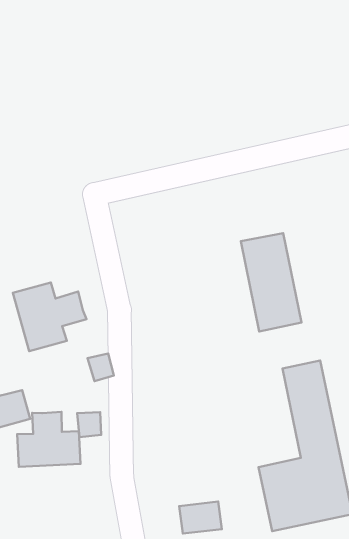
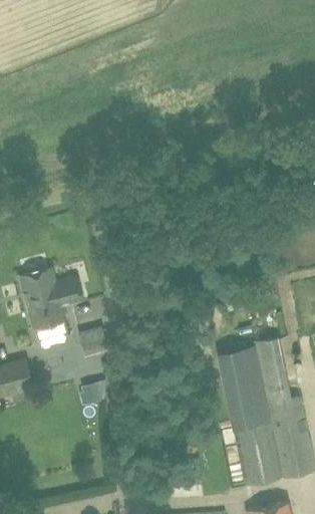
building: [241,233,302,332] -> [218,343,271,430]
building: [17,412,80,467] -> none

